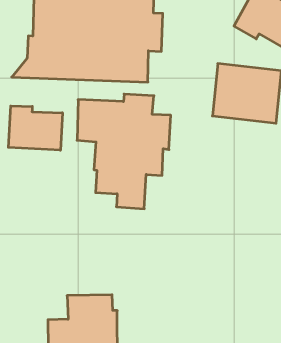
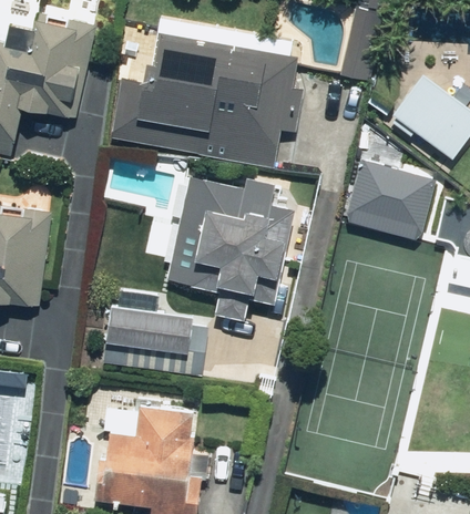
building: [8,106,62,150] -> none
building: none -> [101,310,205,376]

